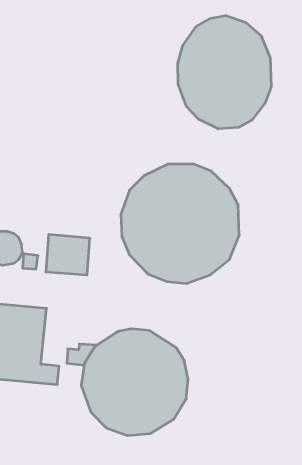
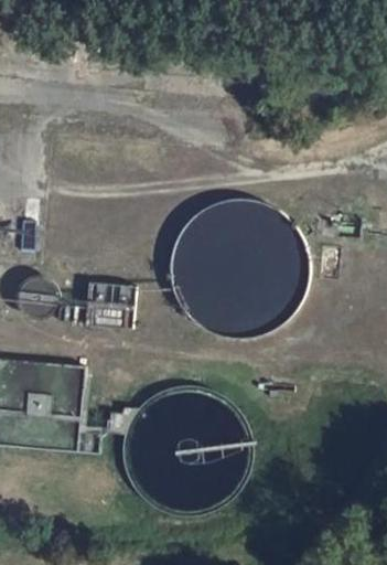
building: [178,15,271,129] -> none

